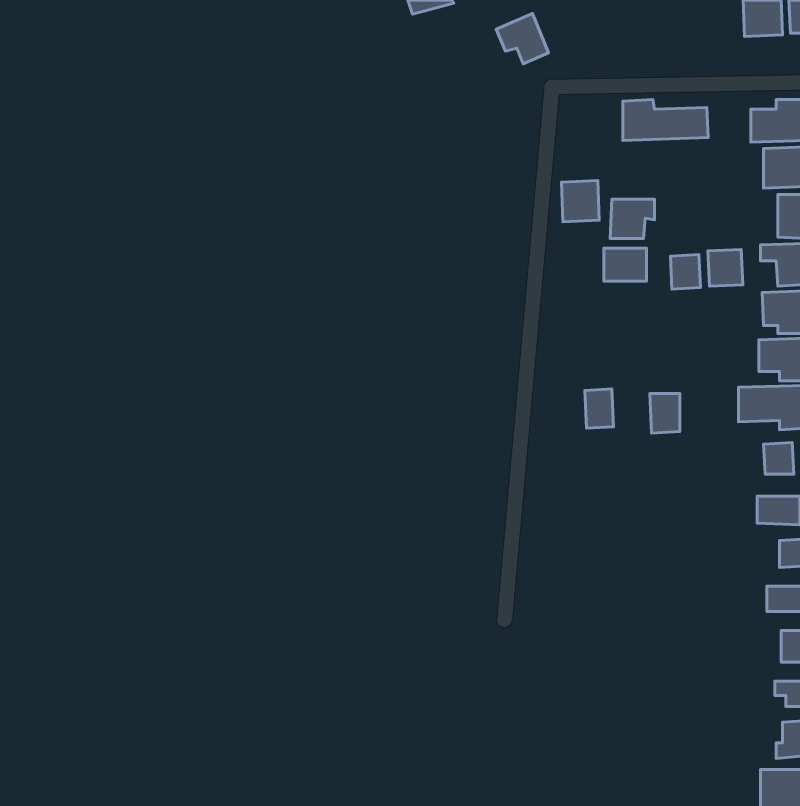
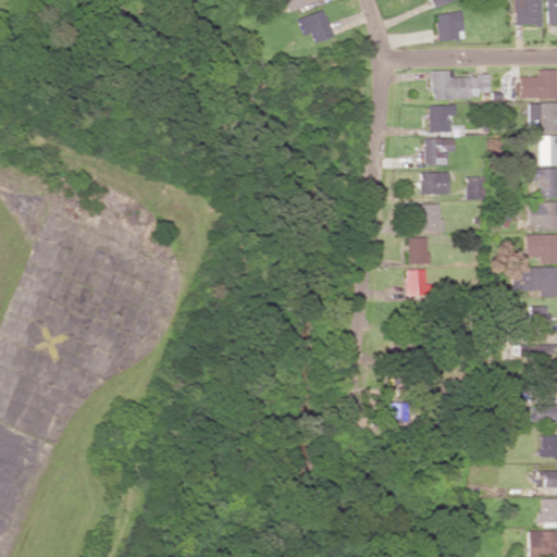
building: [496,13,548,64] -> [300,9,336,44]
building: none -> [437,11,466,41]
building: [561,181,599,222] -> [430,104,456,133]
building: [708,250,743,286] -> none
building: none -> [421,203,445,231]
building: [650,394,680,433] -> [409,237,430,264]

